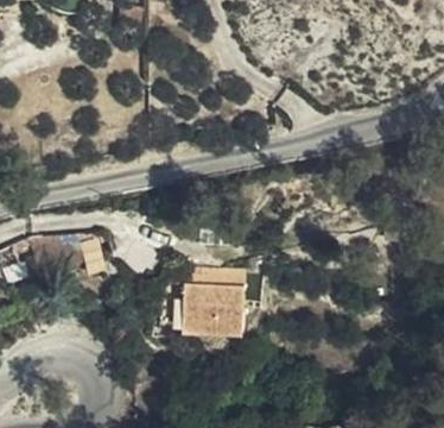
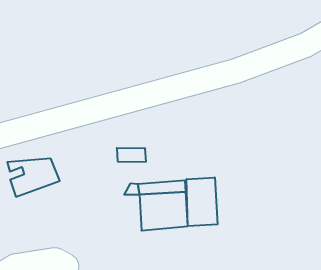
building: none -> [187,177,217,226]

